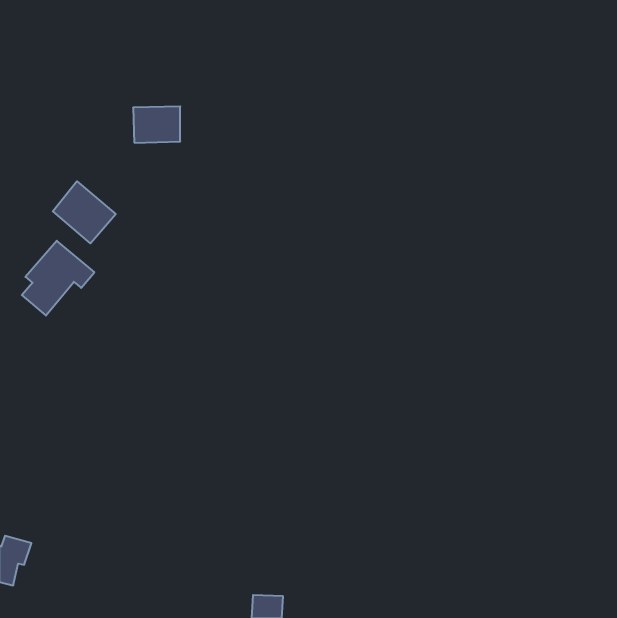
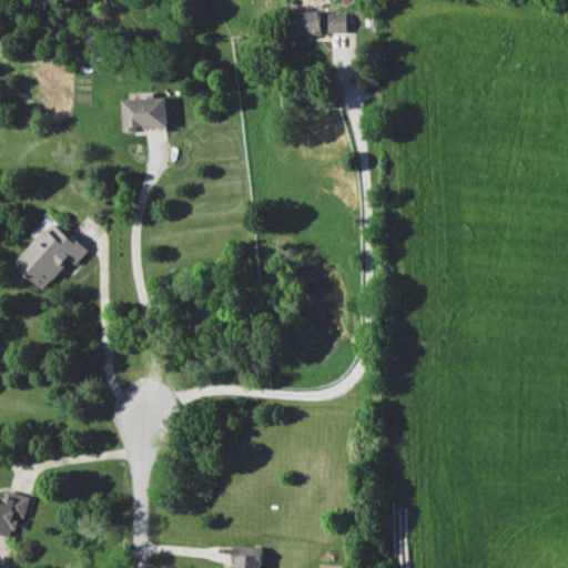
building: none -> [294,6,346,34]
building: [53,181,116,243] -> none

